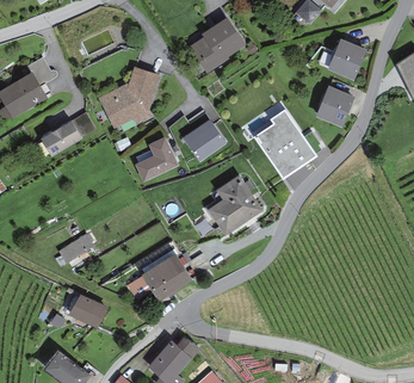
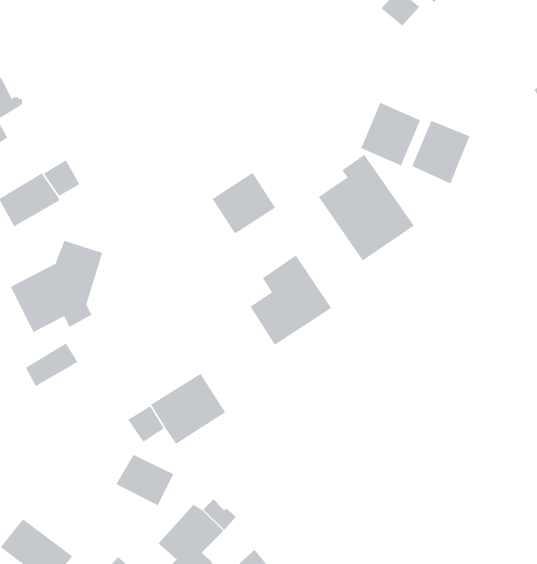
building: [189,14,246,72] -> none
building: [327,36,367,79] -> [360,102,421,167]
building: [98,64,160,126] -> [10,240,103,333]
building: [135,134,179,180] -> none
building: [68,292,107,327] -> [115,454,174,506]

